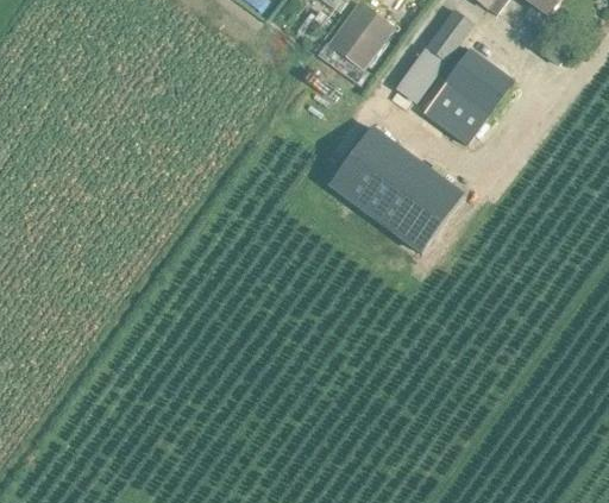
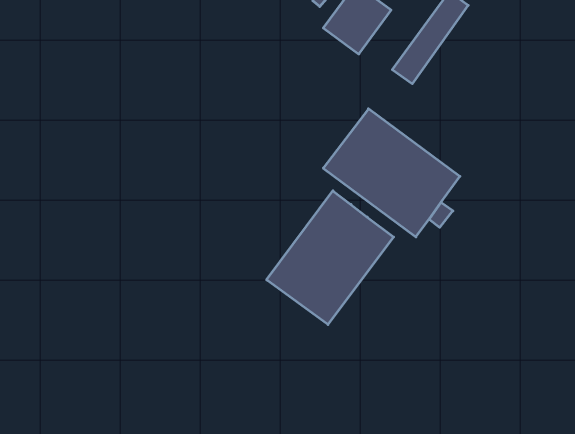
building: [423,44,513,145] -> none
building: none -> [267,191,394,325]

